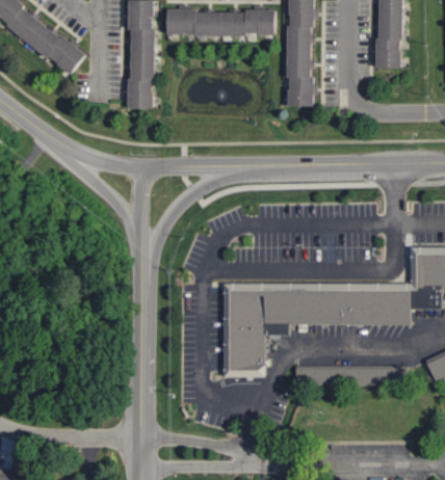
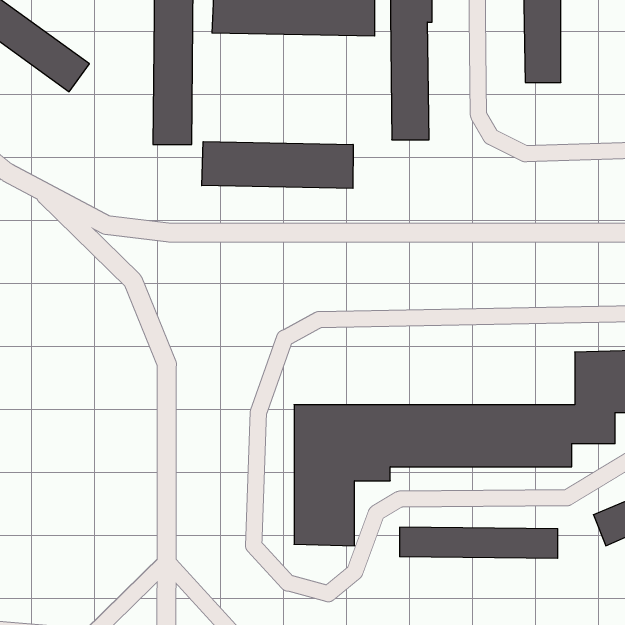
building: none -> [202,142,353,188]

